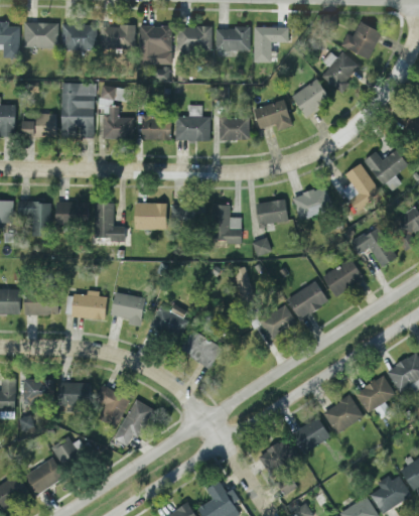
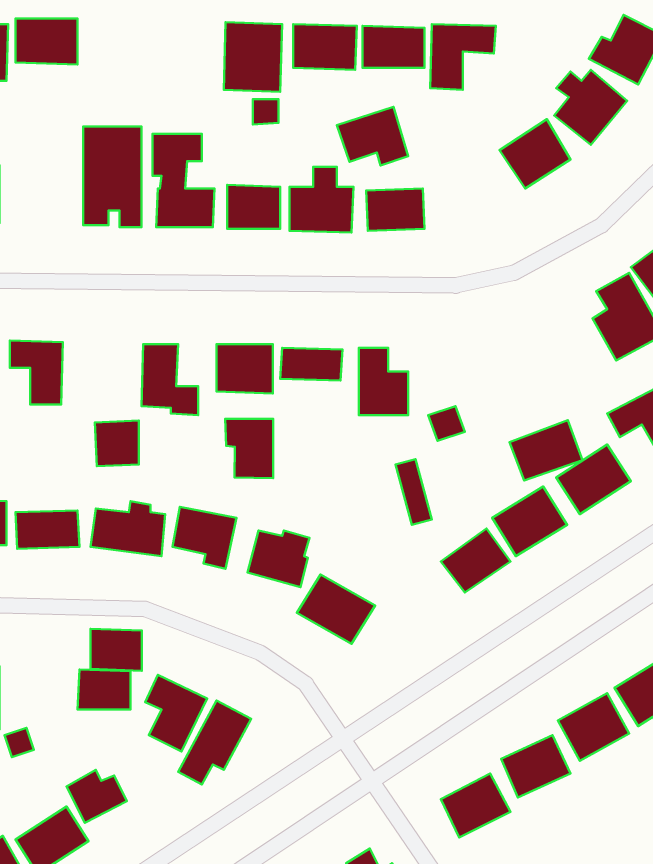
building: [61,24,97,50] -> none
building: [102,25,135,48] -> none
building: [253,99,292,131] -> [337,107,408,165]
building: [22,113,56,137] -> none
building: [292,185,332,219] -> [509,420,582,480]
building: [256,200,288,225] -> none
building: [55,202,80,227] -> [95,421,139,466]
building: none -> [225,419,273,478]
building: [23,379,51,402] -> [91,629,142,671]

